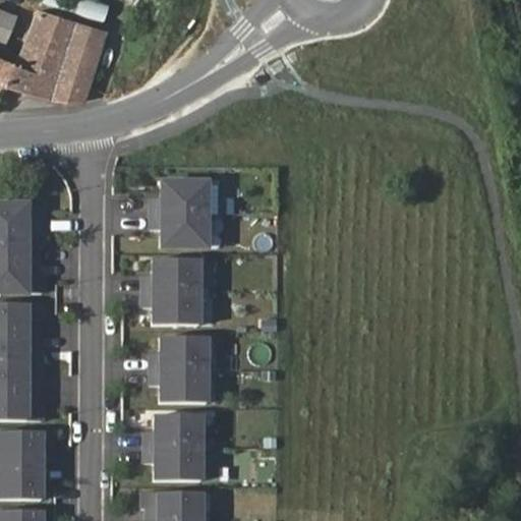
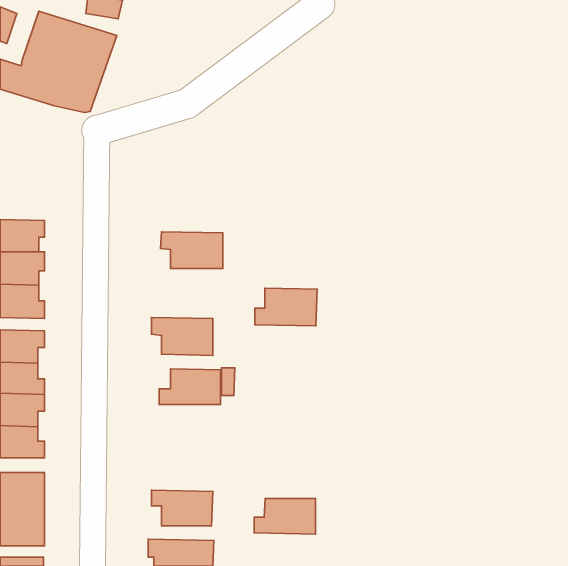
building: [149,178,205,213] -> none
building: [139,256,196,291] -> [255,288,317,326]
building: [147,369,202,402] -> none
building: [139,416,195,449] -> [254,498,315,534]

